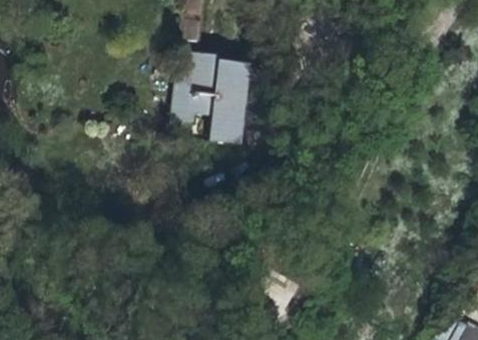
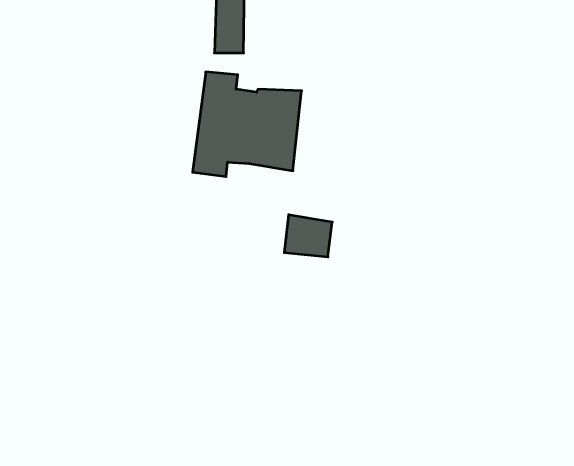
building: [208,115,242,144] -> [284,215,332,257]

